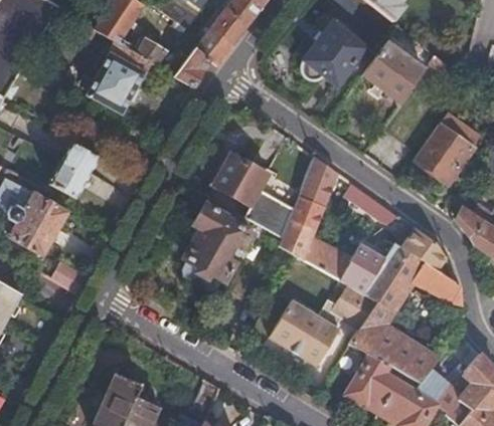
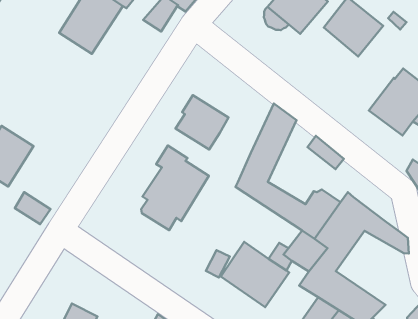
building: [49,143,100,199] -> none
building: [244,189,294,239] -> none
building: [402,227,448,271] -> none

